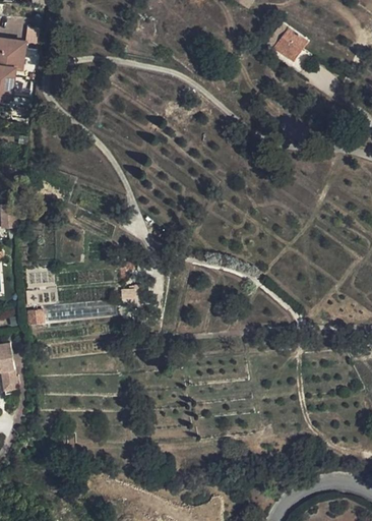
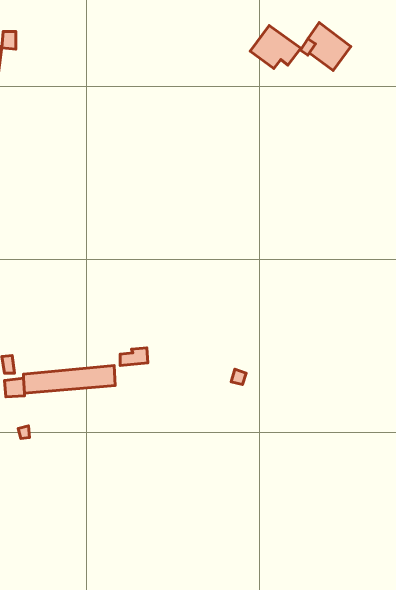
building: none -> [250,26,301,69]

